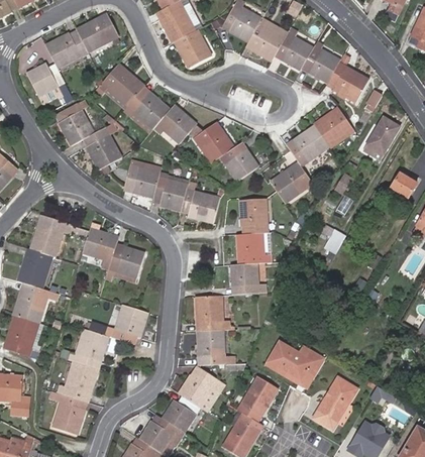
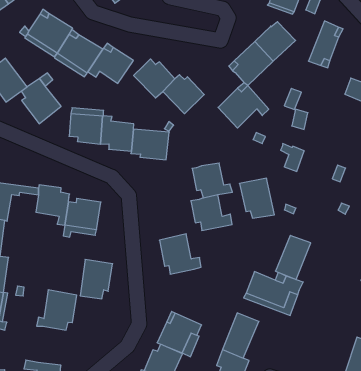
building: [238,198,267,233] -> [239,178,274,218]
building: [197,329,232,364] -> none
building: [63,360,98,399] -> none
building: [318,377,355,420] -> [275,235,311,280]

